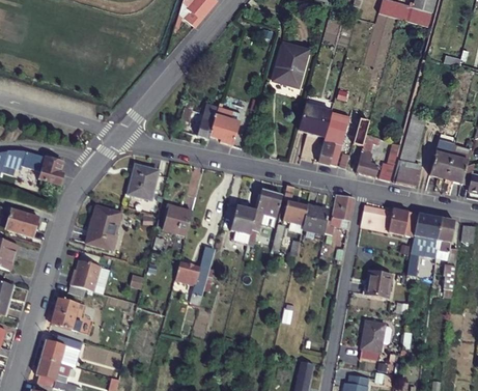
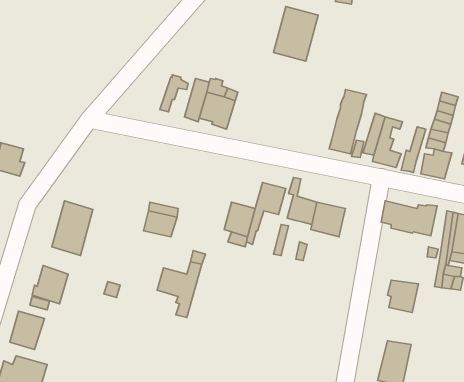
building: [298,106,332,137] -> none
building: [129,166,160,200] -> none
building: [327,196,353,236] -> none

